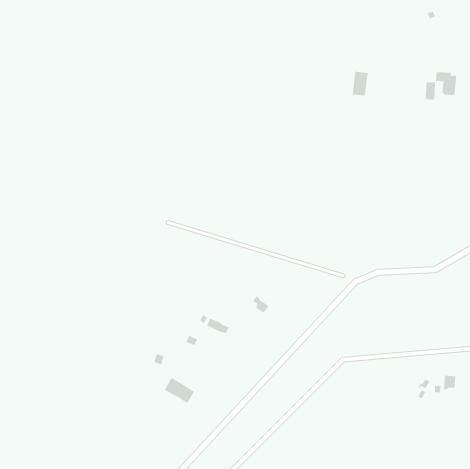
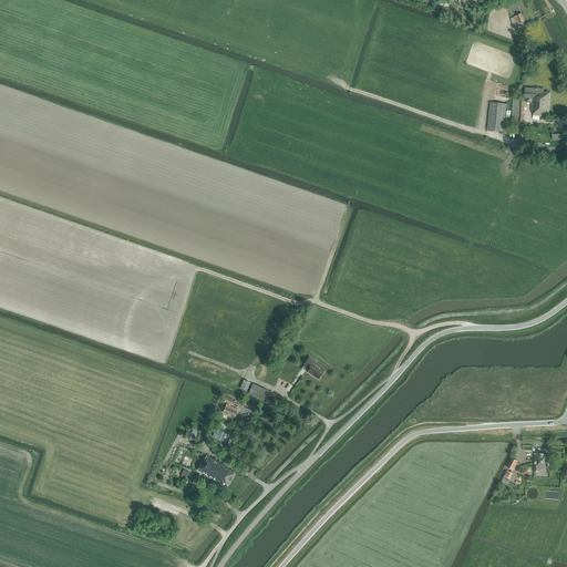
building: [352,71,368,96] -> [487,101,507,131]

